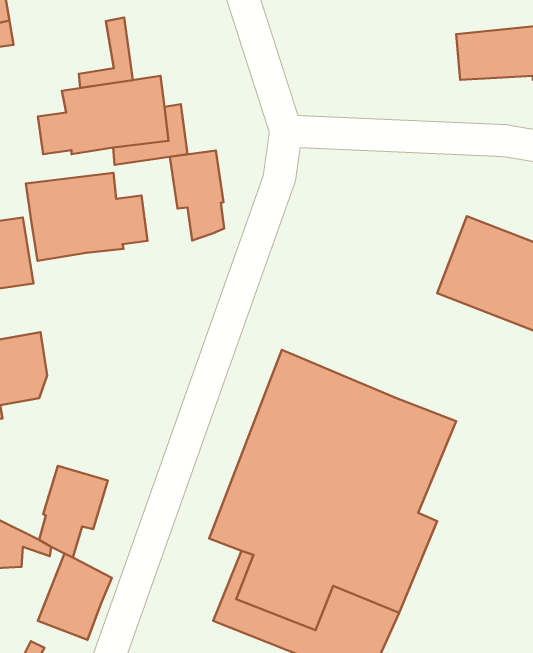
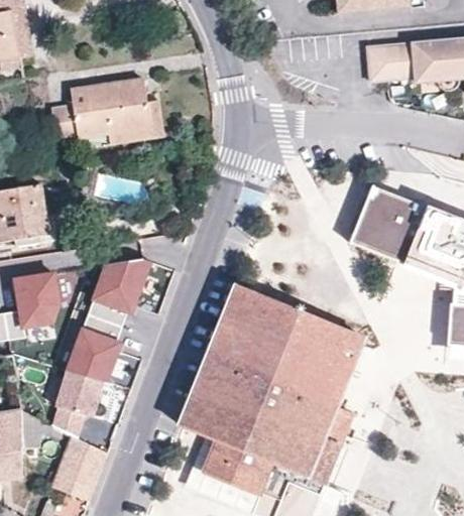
building: [79,18,133,88] -> none
building: [170,150,224,241] -> none
building: [26,173,148,261] -> none
building: none -> [68,257,151,381]

